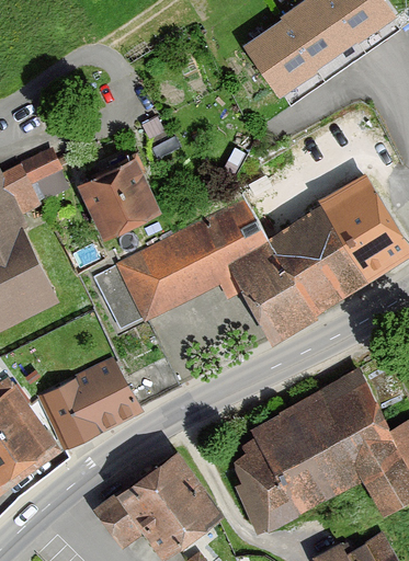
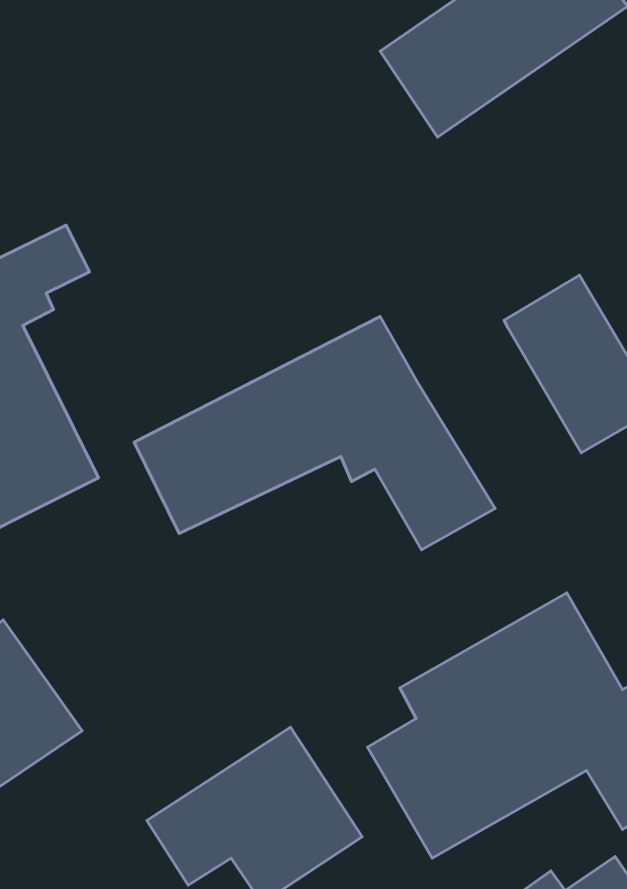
building: [84,157,169,241] -> none
building: [262,207,362,318] -> none
building: [33,358,137,449] -> none

